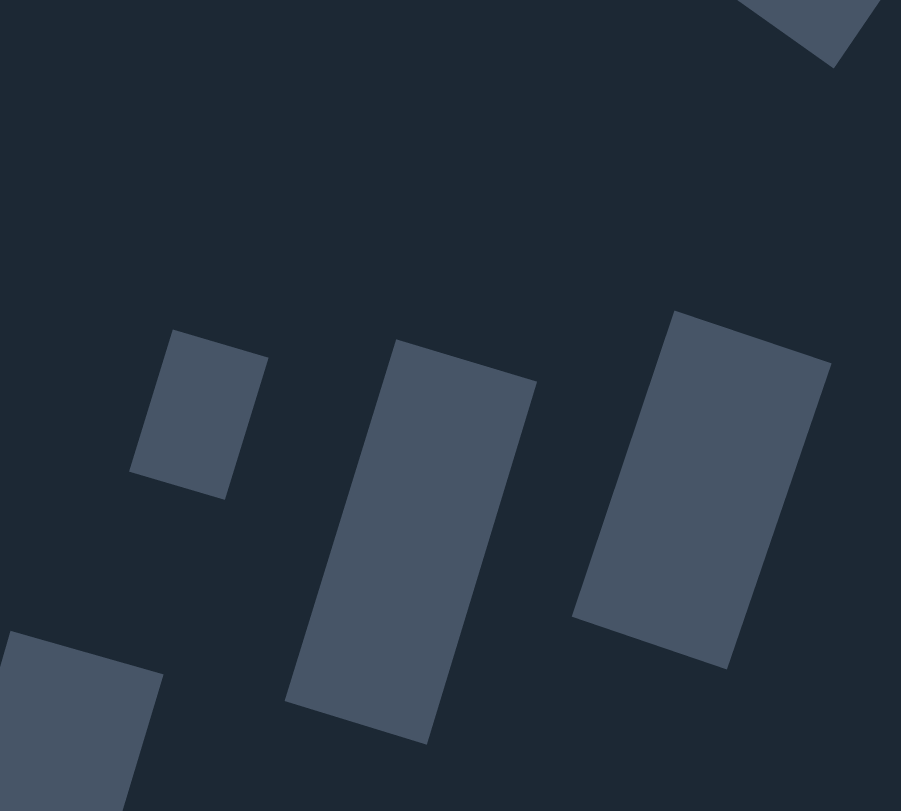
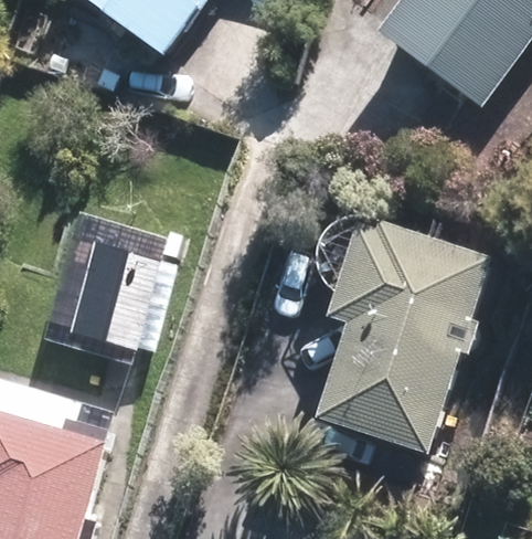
building: [284,338,538,746] -> none

